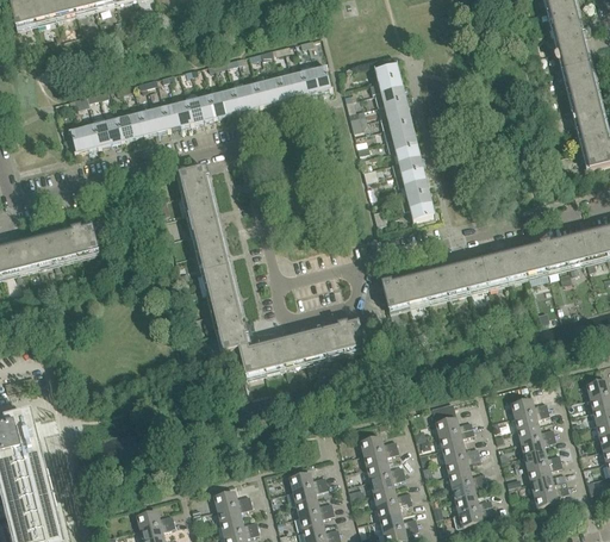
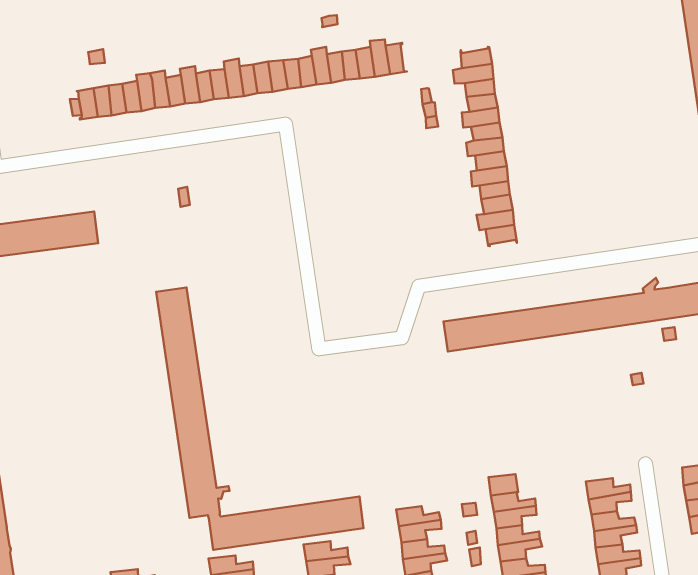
building: [179,166,365,374] -> [156,288,364,550]

